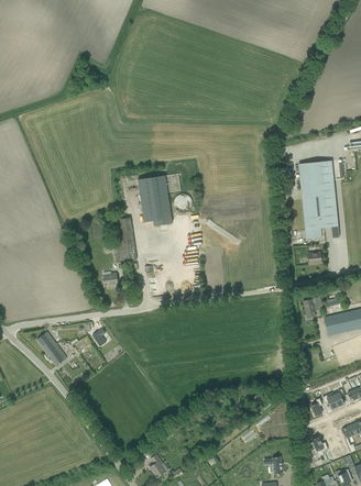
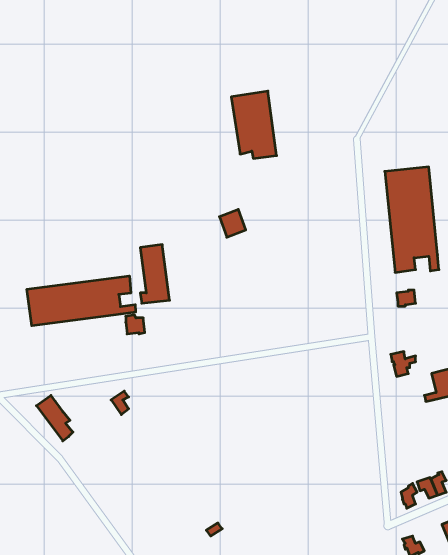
building: [138,175,172,225] -> [231,91,277,158]
building: none -> [27,276,136,326]

